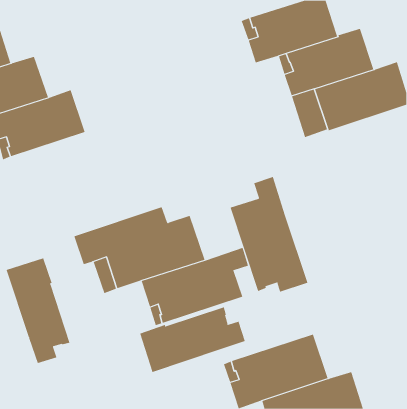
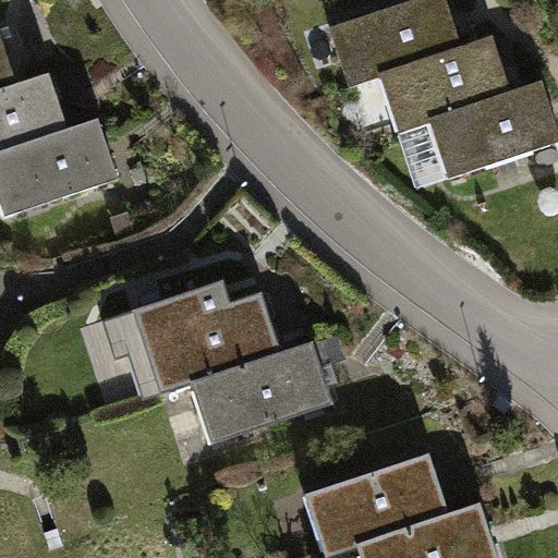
building: [230,176,308,292] -> none
building: [6,257,70,364] -> none
building: [139,307,246,373] -> none

